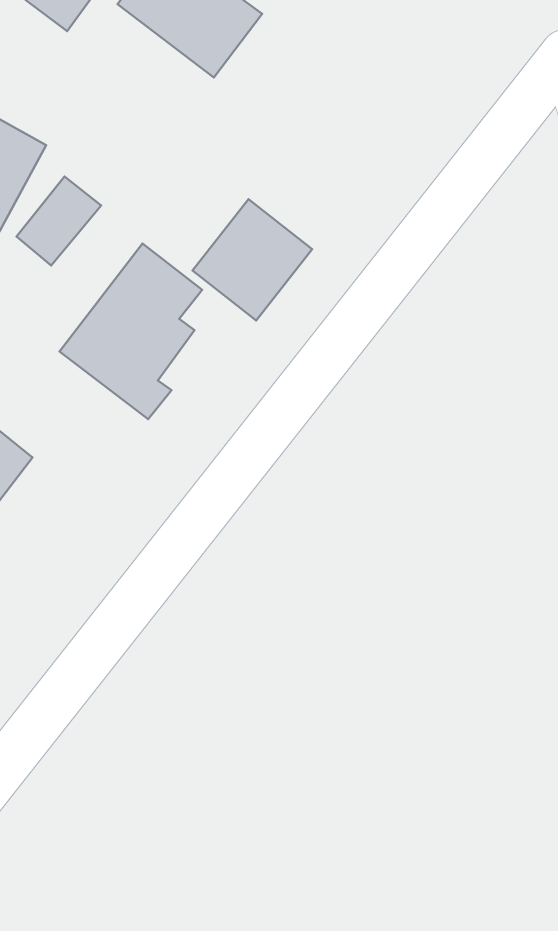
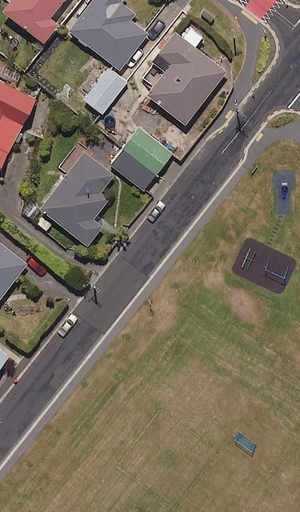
building: none -> [148,30,226,122]
building: [16,177,101,265] -> [83,70,127,116]

